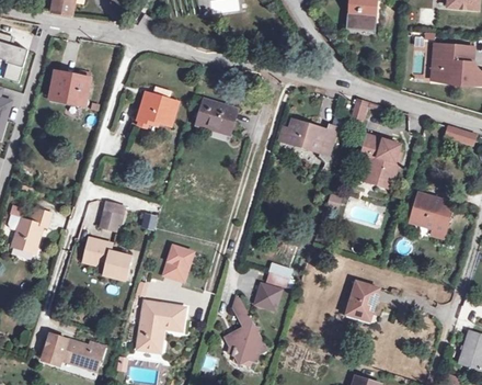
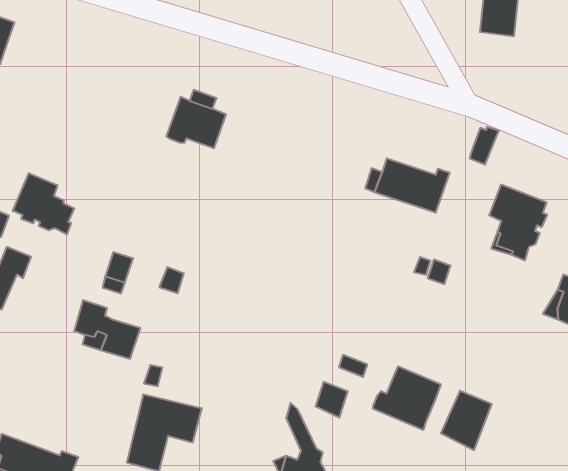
building: [50,72,92,103] -> none
building: [195,99,233,132] -> none
building: none -> [13,173,74,234]
building: [164,246,192,281] -> none
building: none -> [373,366,441,430]

